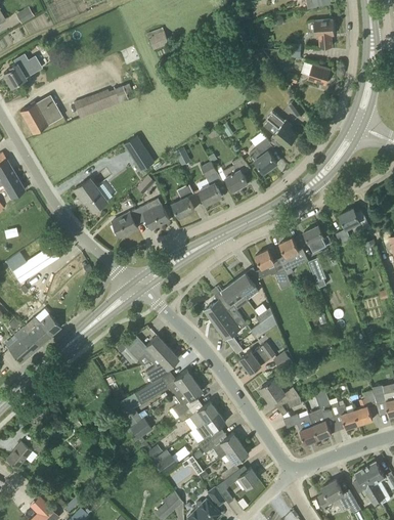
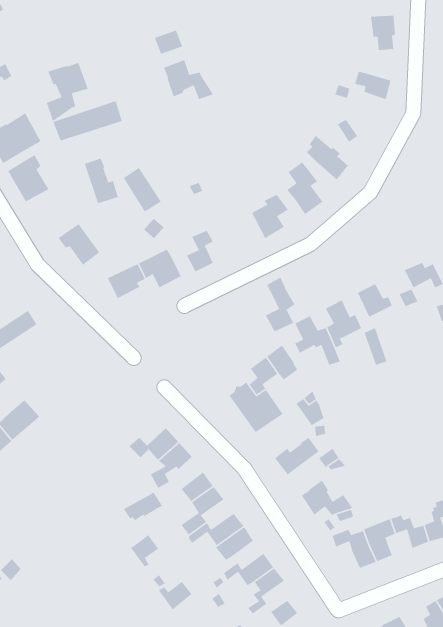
building: none -> [163,59,213,100]
building: none -> [46,62,89,121]
building: none -> [7,154,49,203]
building: none -> [84,157,119,204]
building: [199,161,222,204] -> [265,276,295,333]

